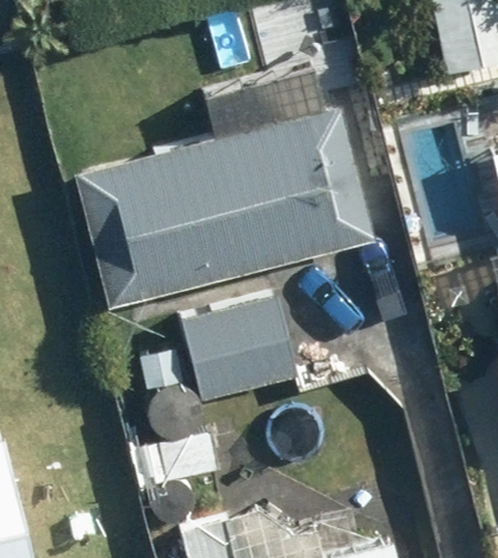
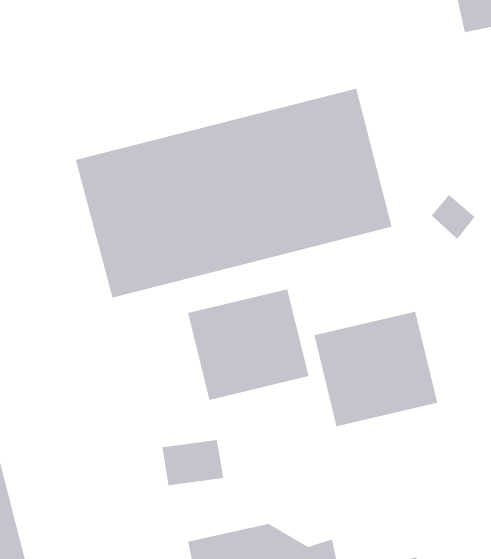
building: none -> [314,311,438,427]

